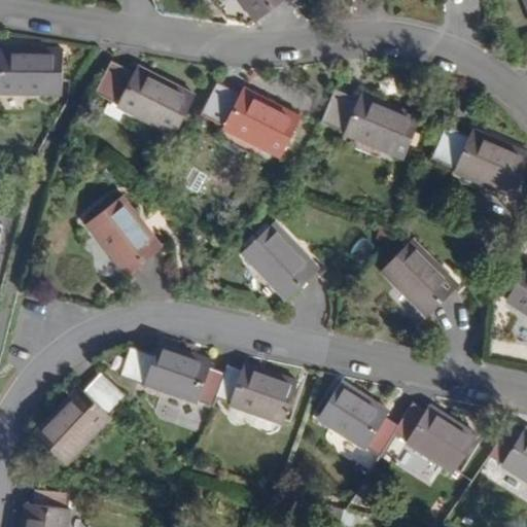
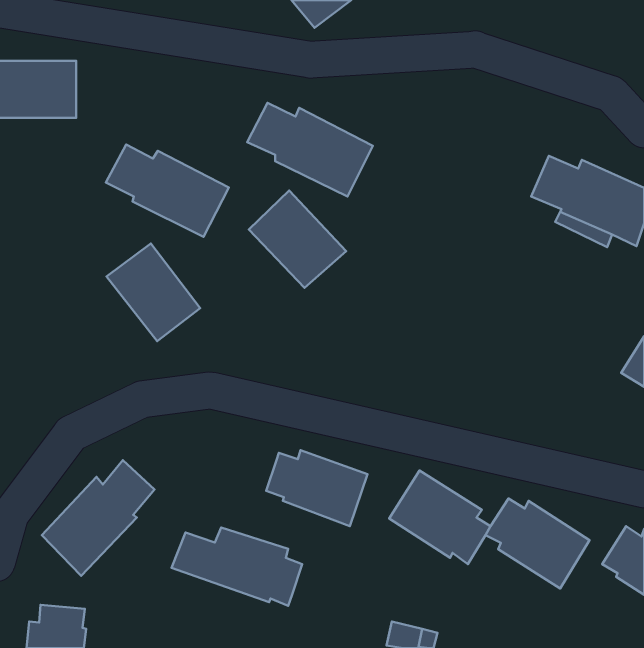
building: [96,62,196,137] -> [106,144,229,237]
building: [322,91,423,161] -> none
building: [241,222,320,302] -> [249,190,346,288]
building: [379,241,460,320] -> none
building: [118,344,224,408] -> [172,527,302,606]

